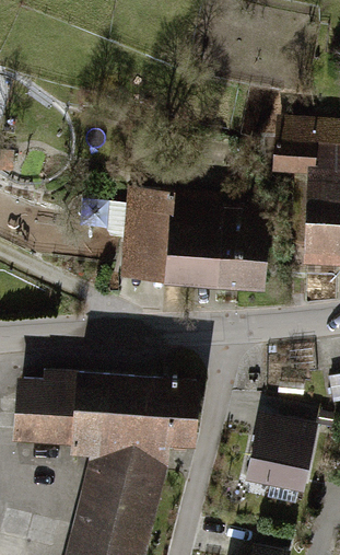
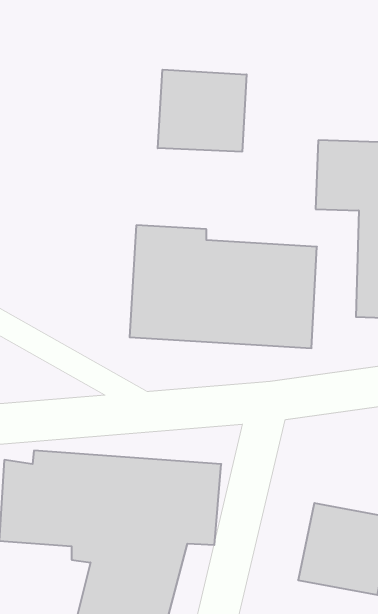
building: none -> [158,70,247,152]

